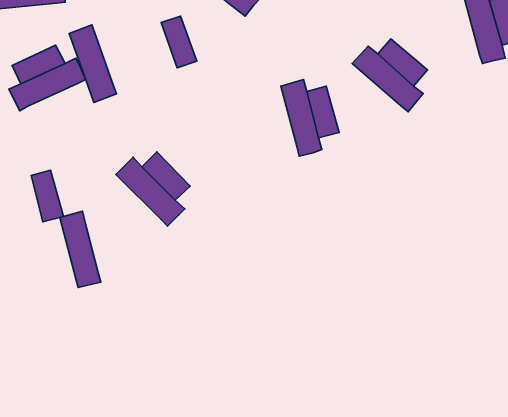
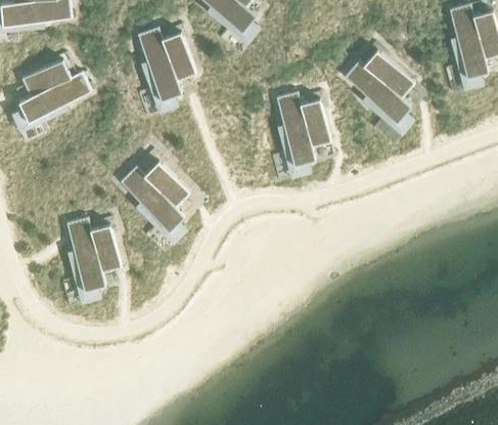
building: [69,25,117,102] -> [137,27,182,100]
building: [31,170,63,222] -> [91,224,122,273]

